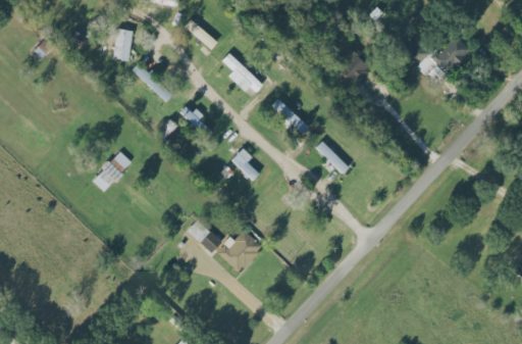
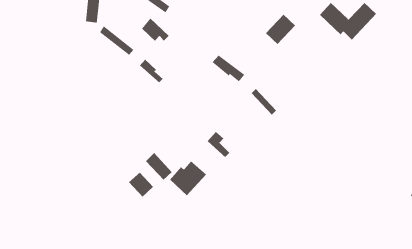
building: [227,62,262,92] -> [141,18,169,42]
building: [230,147,259,180] -> [207,131,230,158]
building: [96,150,132,187] -> none
building: none -> [128,172,154,198]

